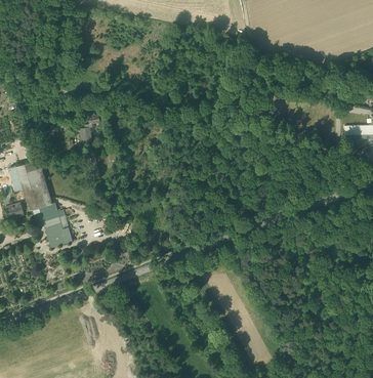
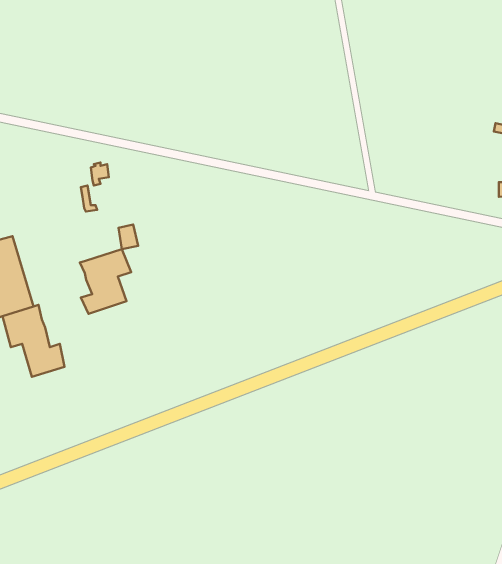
building: none -> [80,249,131,314]

